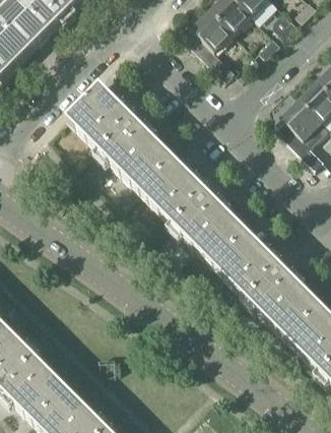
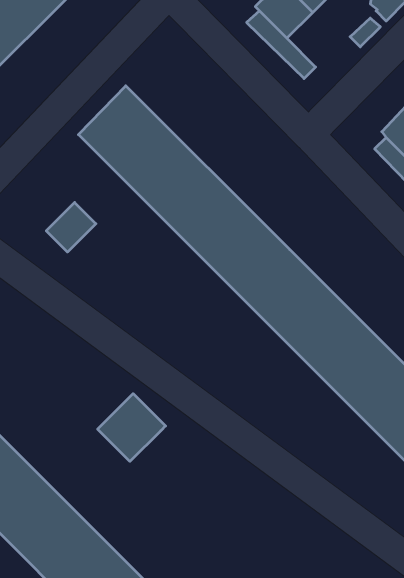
building: none -> [46,202,96,252]
building: none -> [98,394,166,461]

